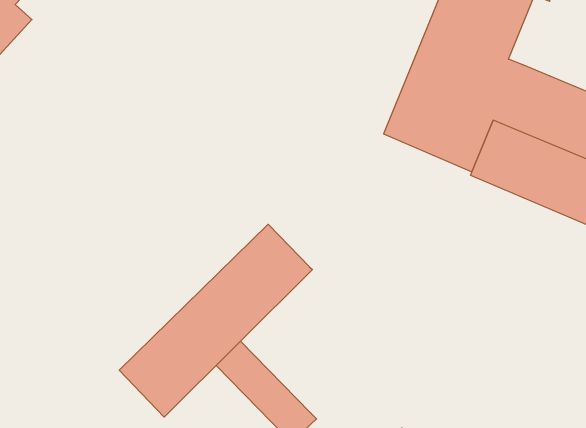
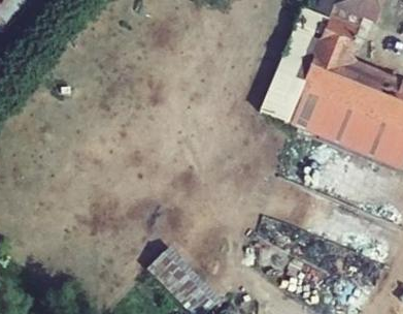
building: [119,224,312,417] -> none

